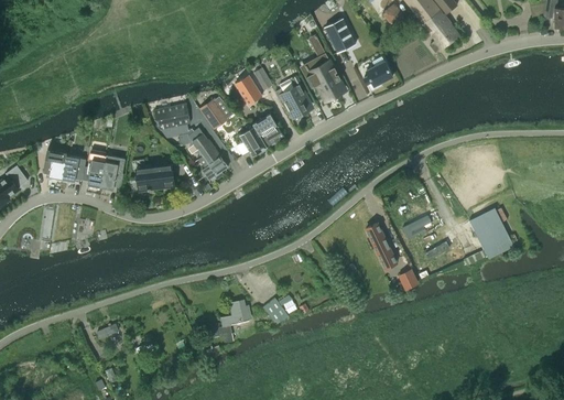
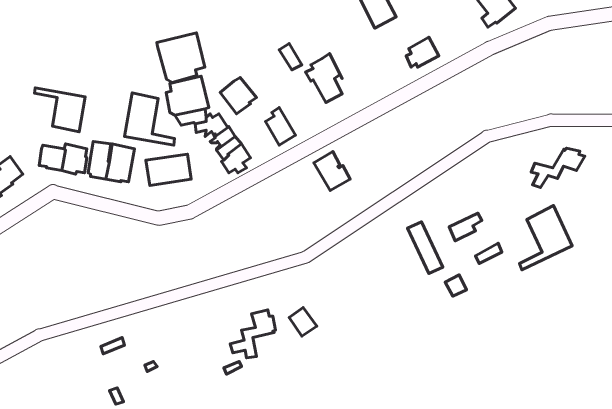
building: none -> [157,33,205,83]
building: [307,58,341,101] -> none
building: [235,72,263,104] -> none
building: none -> [34,88,85,132]
building: none -> [125,93,175,145]
building: [253,112,285,147] -> [314,152,350,190]
building: none -> [531,148,585,188]

